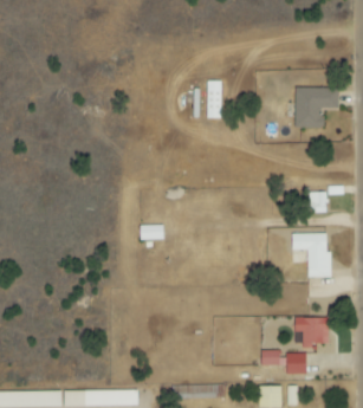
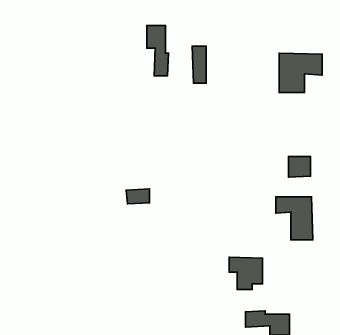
building: none -> [147,26,169,76]
building: [294,317,329,350] -> [229,257,263,290]

